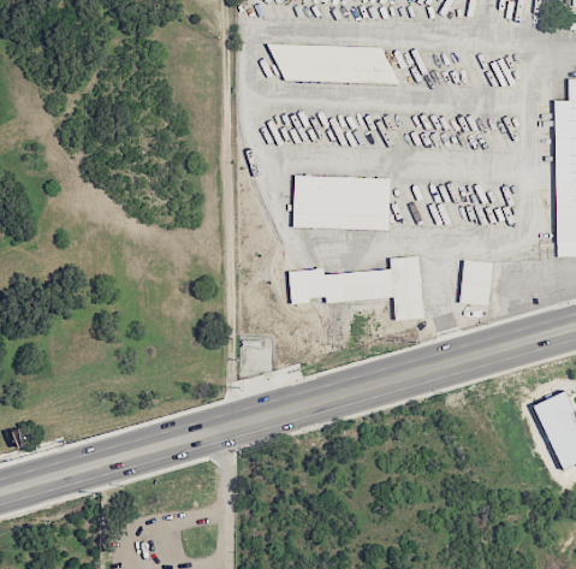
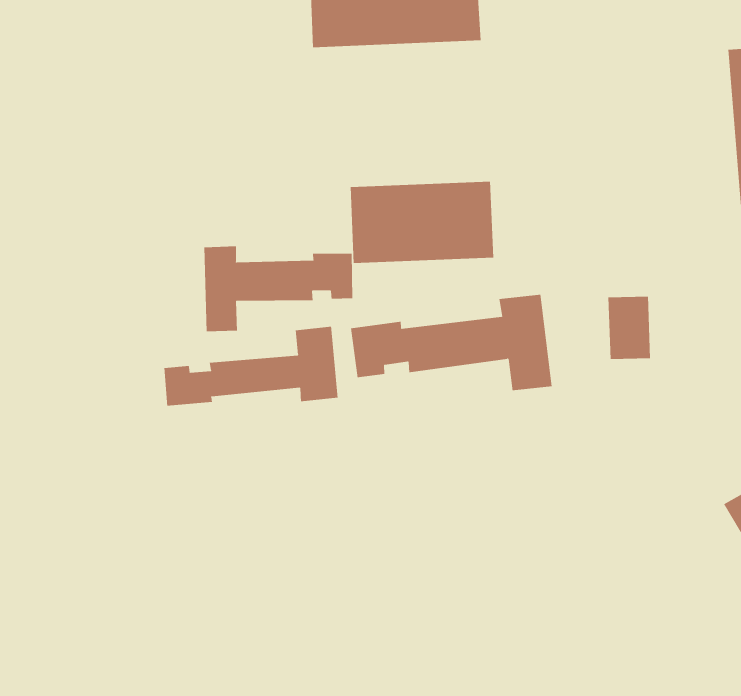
building: none -> [204,246,353,332]
building: none -> [164,326,338,407]

